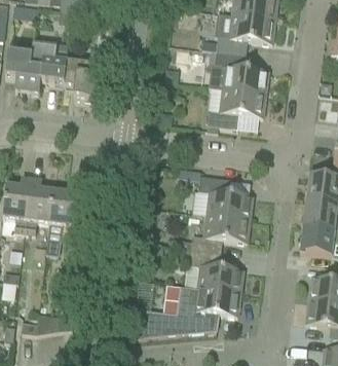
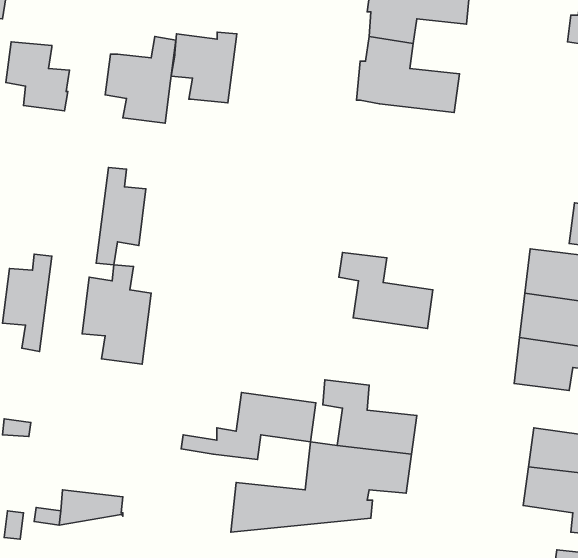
building: [30,42,68,83] -> [171,32,237,103]
building: [206,88,265,126] -> none
building: [25,177,53,233] -> [96,168,146,265]
building: [172,213,250,252] -> [181,392,316,460]

